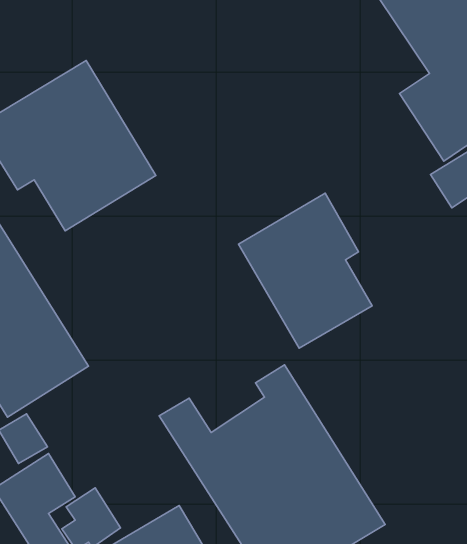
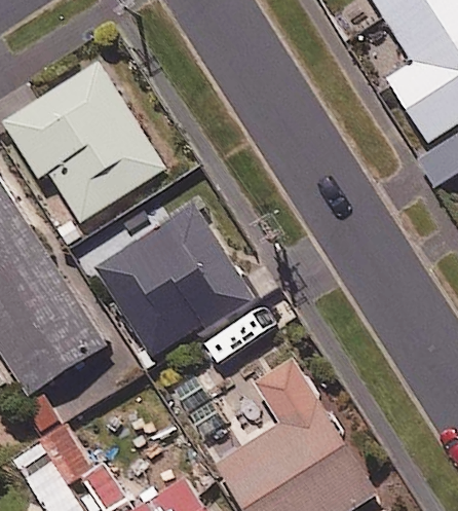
building: [239,193,372,348] -> none
building: none -> [97,204,255,358]

